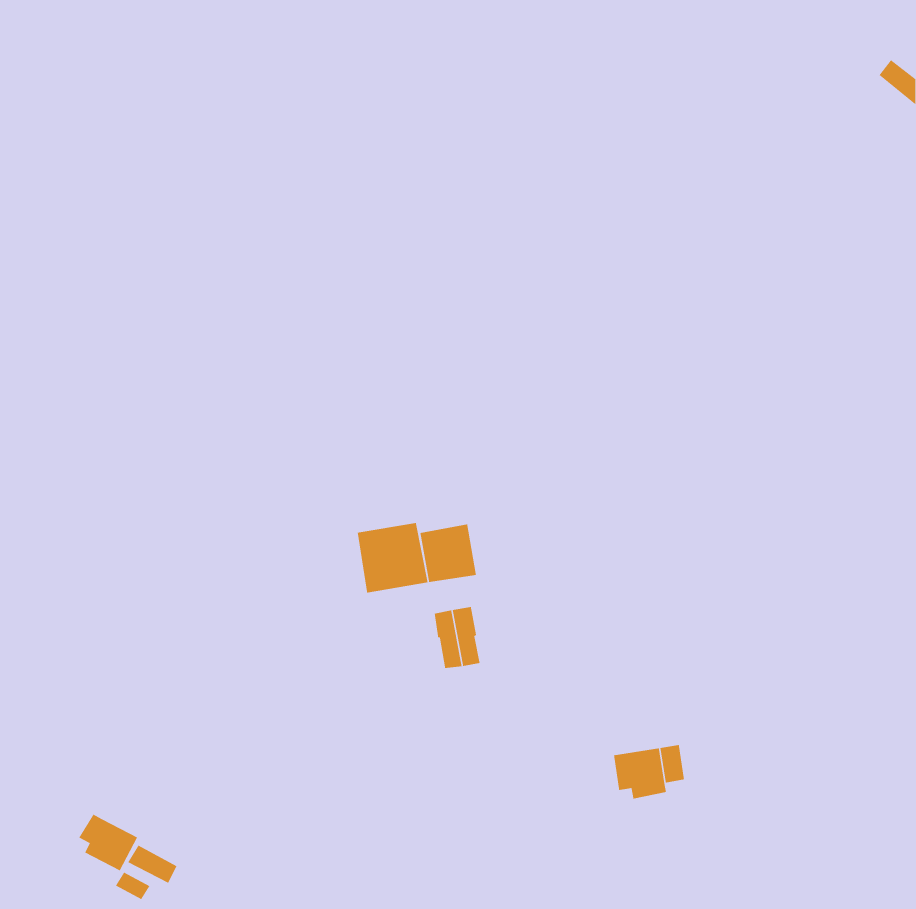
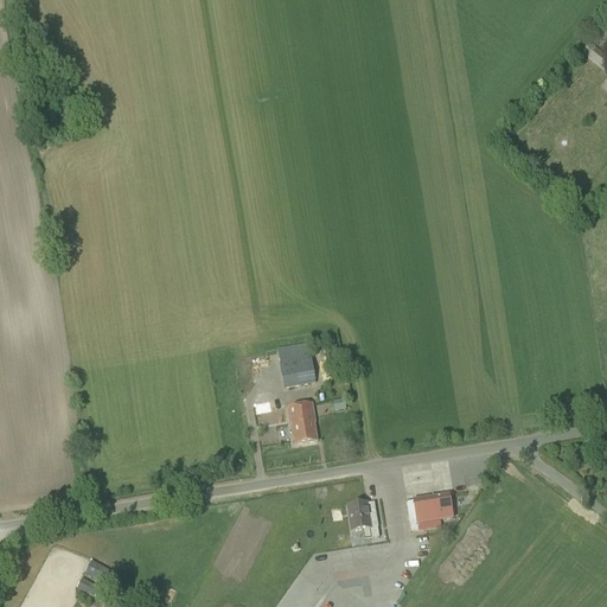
building: [357,522,428,594] -> none
building: none -> [347,500,379,536]
building: [78,813,138,871] -> none

